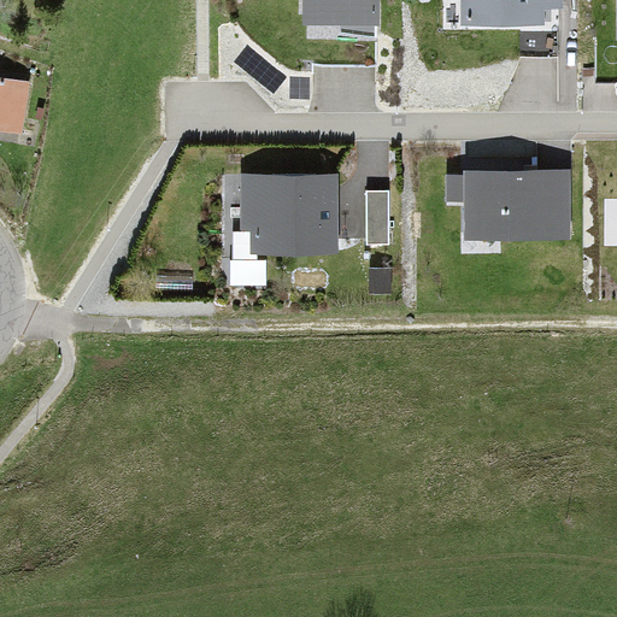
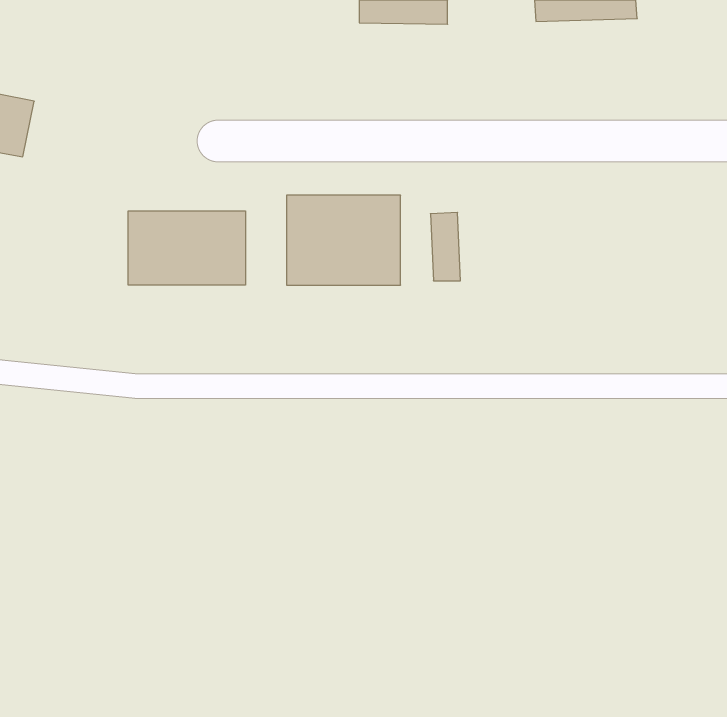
building: [458,170,562,241] -> none
building: none -> [128,211,245,285]

